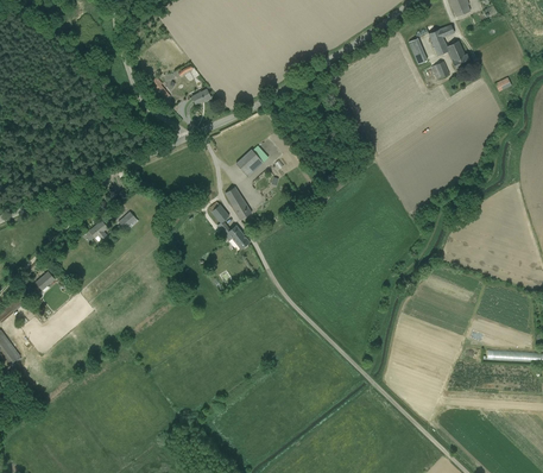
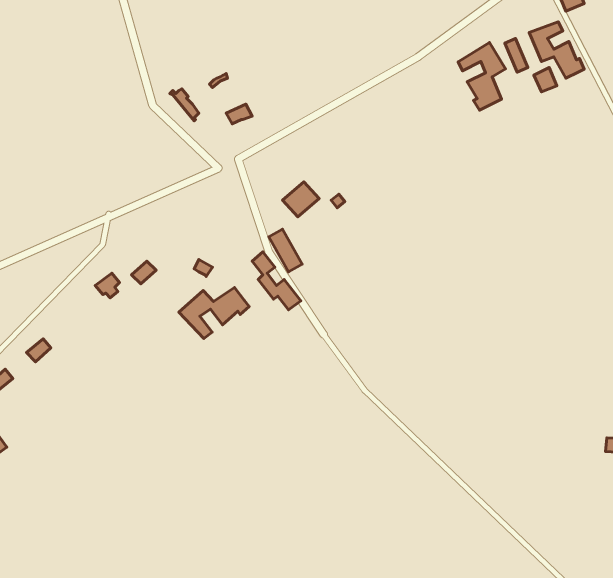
building: none -> [458,42,505,110]
building: none -> [179,287,249,339]

